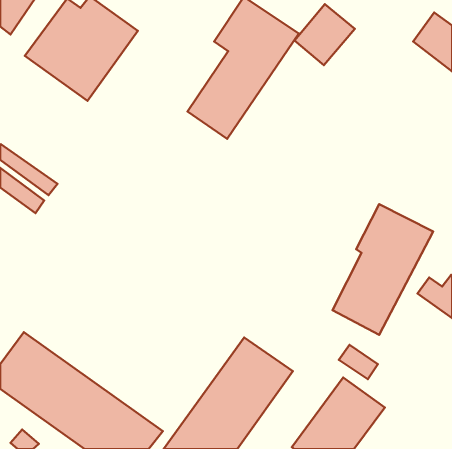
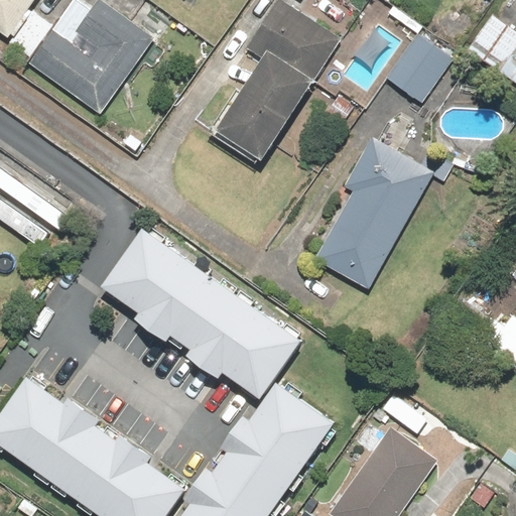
building: [295,4,355,65] -> [387,34,456,104]
building: none -> [99,232,298,400]
building: [332,204,433,335] -> [316,138,431,287]

